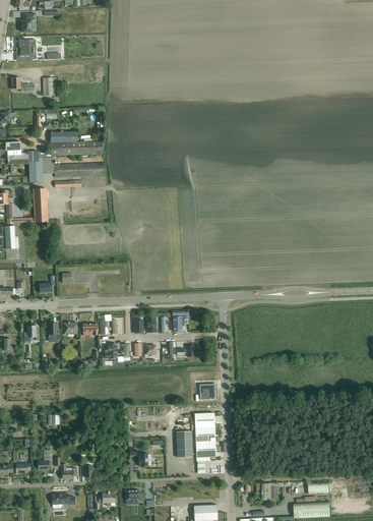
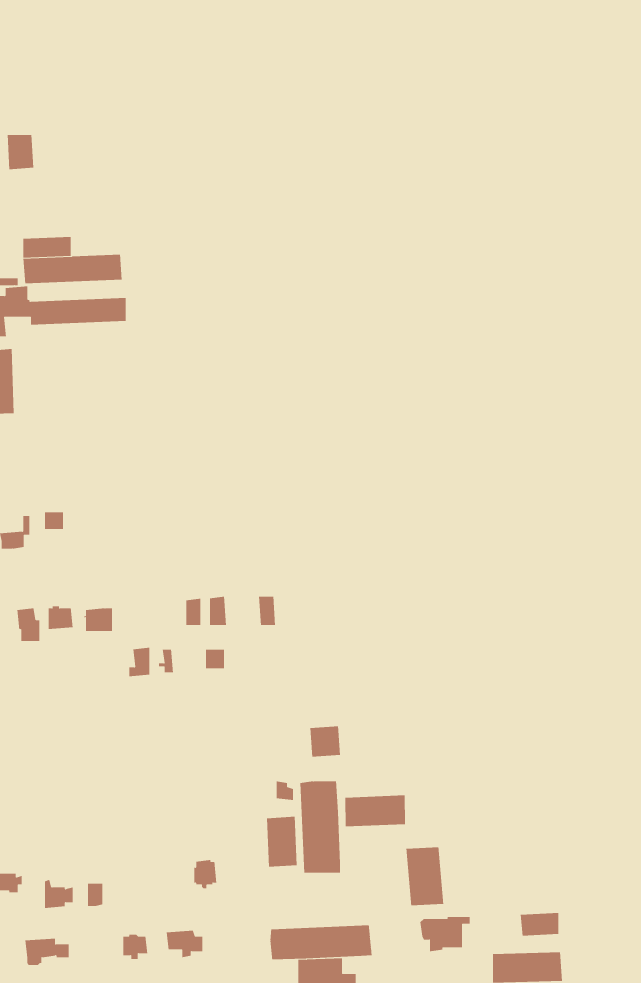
building: none -> [345,794,406,827]
building: none -> [406,846,444,906]
building: none -> [270,924,372,960]

